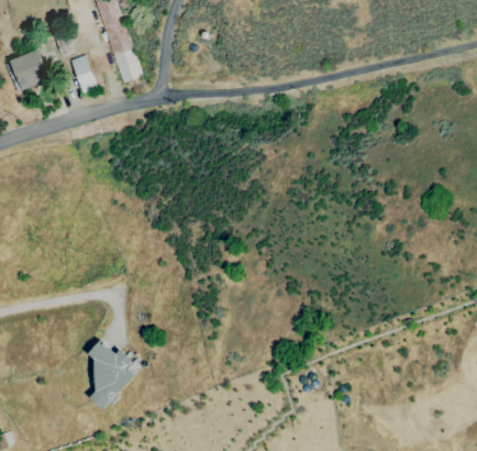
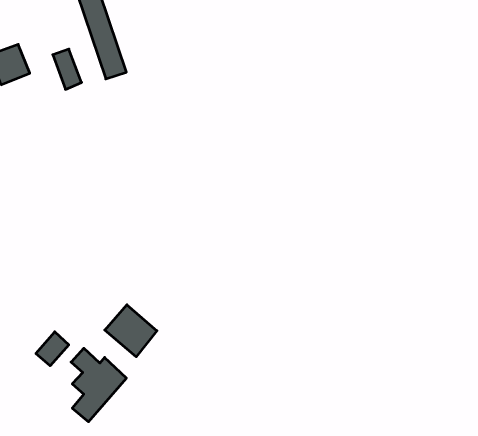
building: none -> [105,305,157,357]
building: none -> [36,332,69,366]

